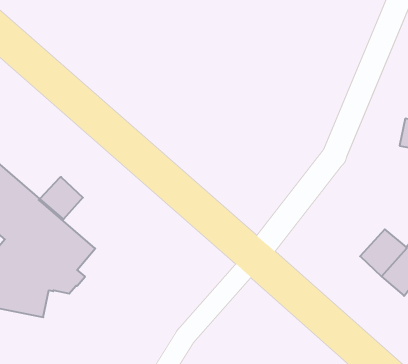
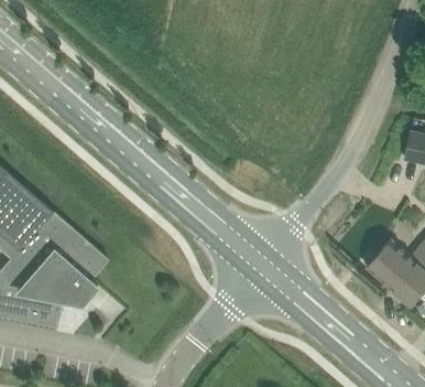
building: [40,177,83,219] -> none

